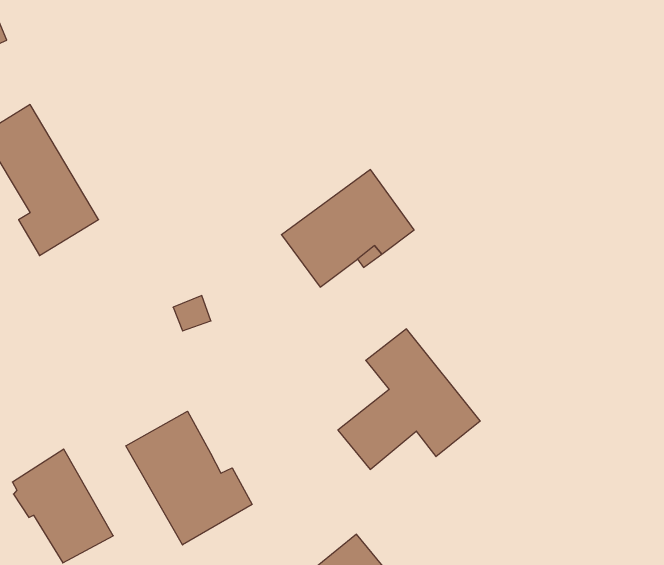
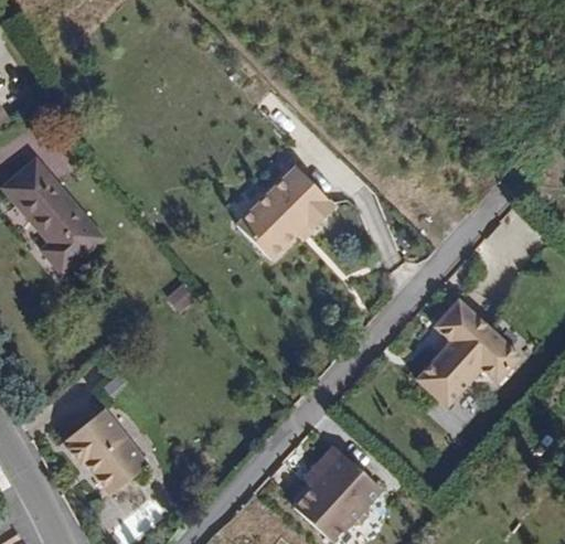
building: [338,329,480,469] -> [416,295,521,404]
building: [126,411,252,545] -> none

